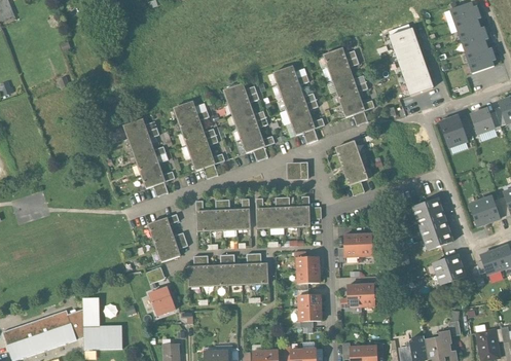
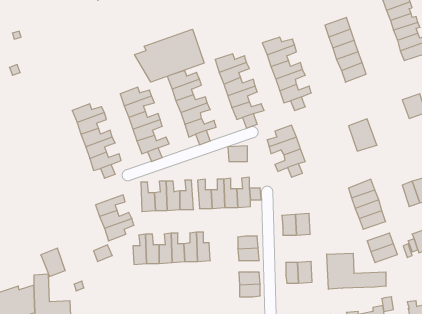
building: none -> [135,29,204,82]
building: [438,113,468,147] -> [349,119,377,151]
building: none -> [327,253,386,289]
building: [149,285,175,315] -> [41,248,65,277]

